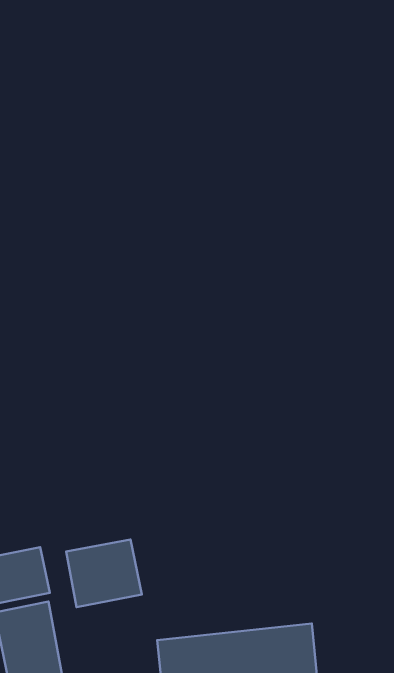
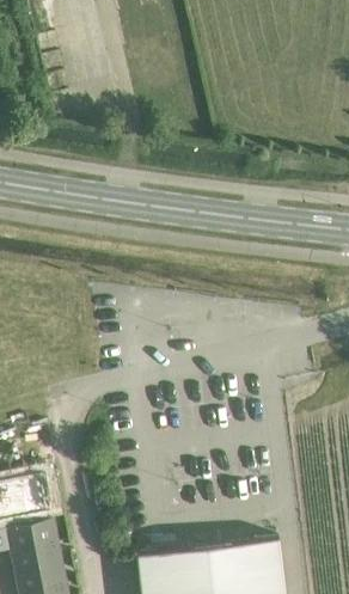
building: [66,539,142,607] -> none

